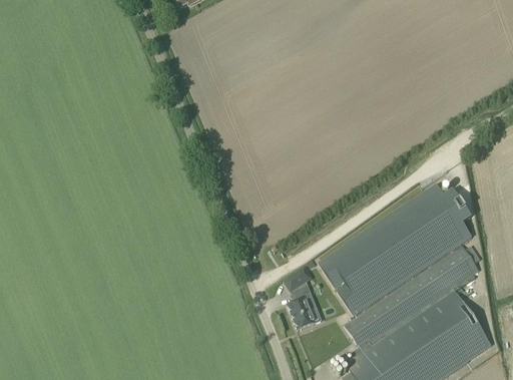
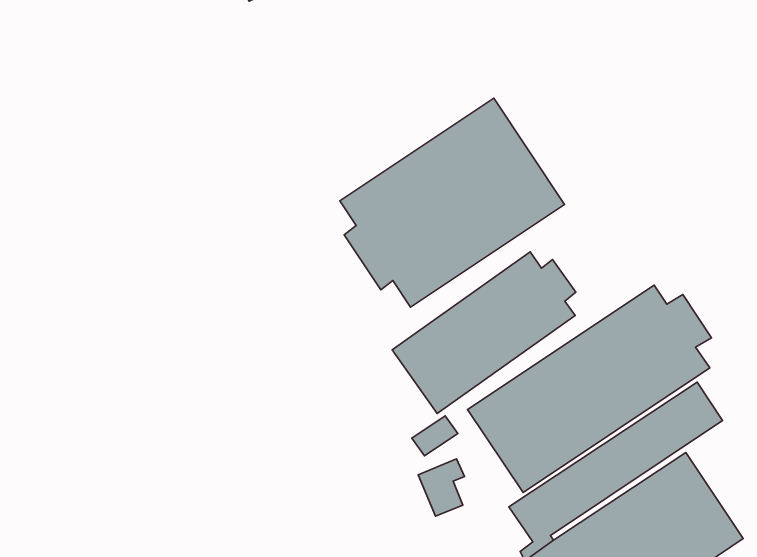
building: none -> [340,98,564,307]
building: none -> [392,252,576,414]

